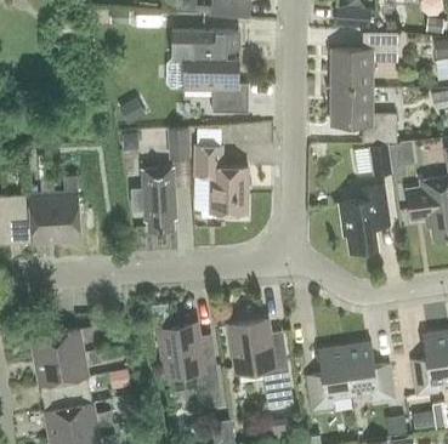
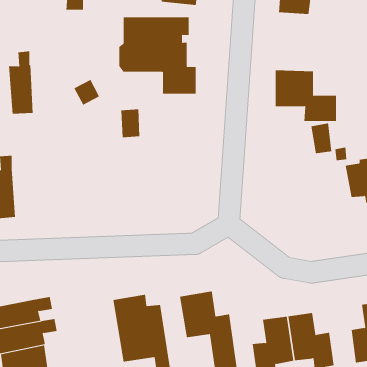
building: [330,34,396,89] -> none
building: [194,147,246,214] -> none
building: [130,169,175,230] -> none
building: [53,176,80,243] -> [8,51,34,114]
building: [338,186,389,252] -> none

